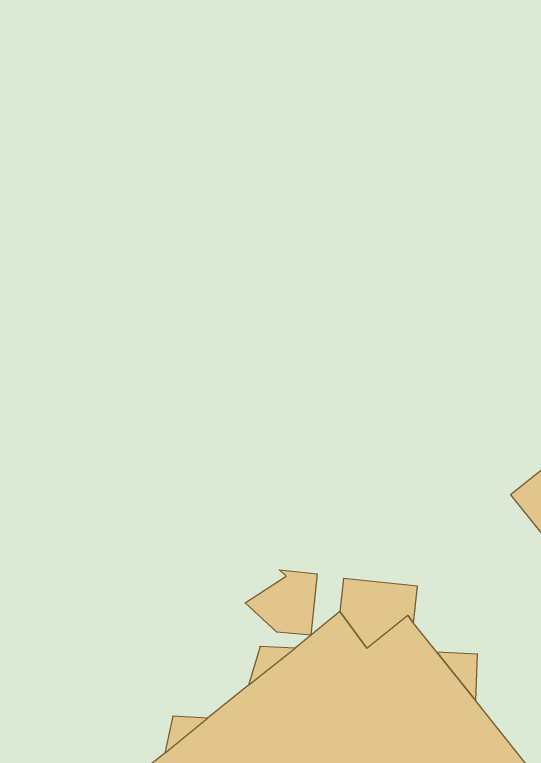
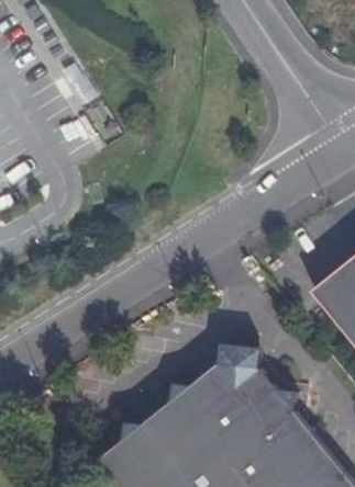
building: [245,570,317,635] -> none

